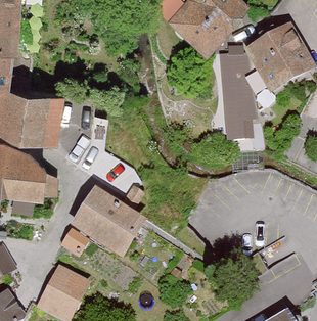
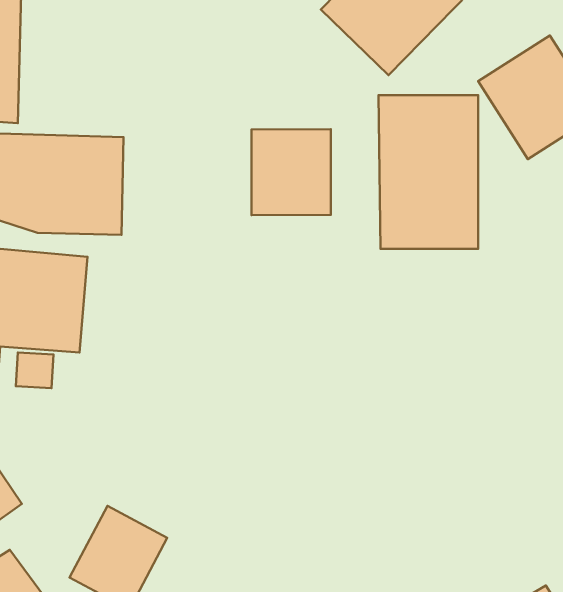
building: none -> [252,129,331,215]
building: [74,188,147,258] -> none

